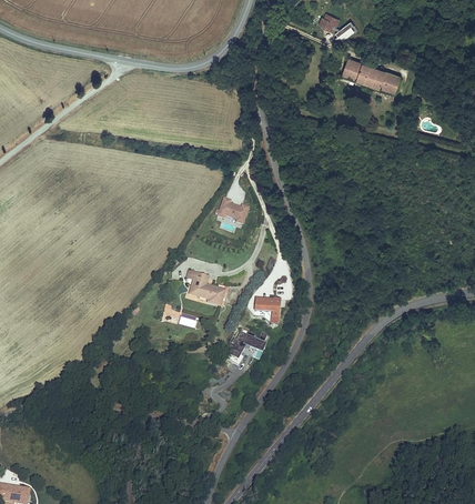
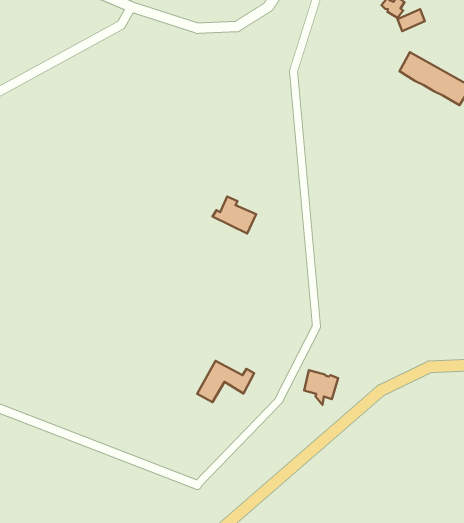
building: [188,271,225,305] -> none
building: [255,298,281,323] -> [304,370,338,405]

